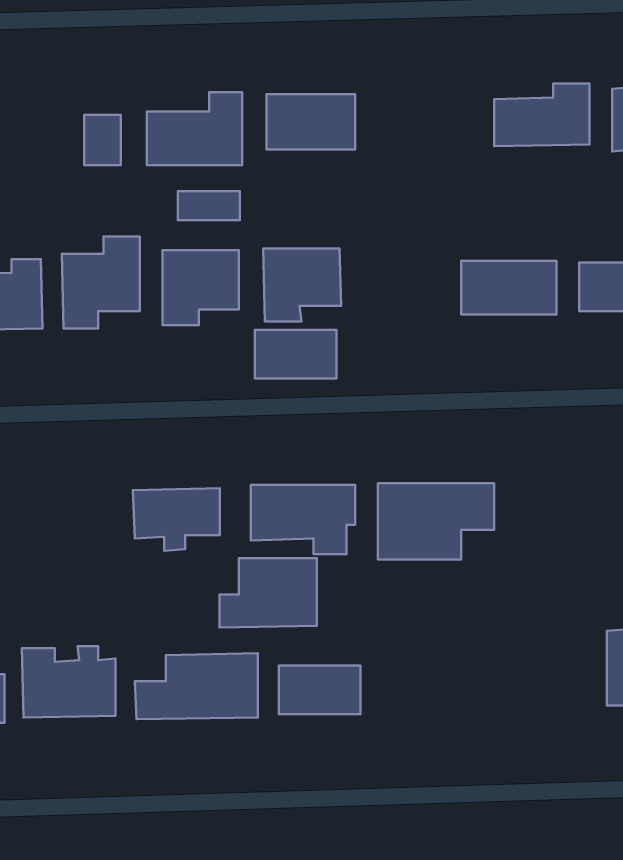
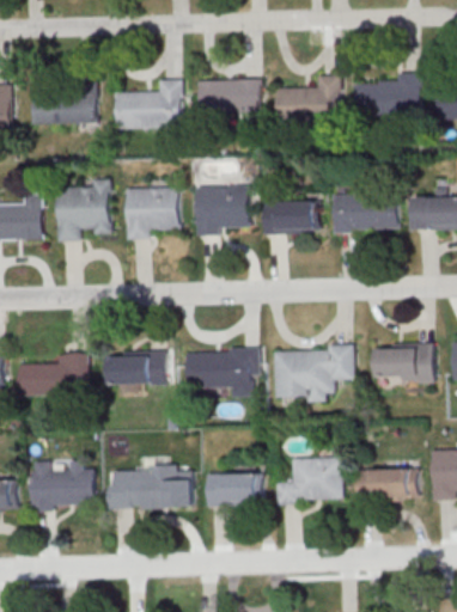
building: none -> [275,75,340,122]
building: none -> [30,90,61,129]
building: [178,191,240,220] -> none
building: [255,330,336,379] -> [262,200,318,233]
building: none -> [372,342,433,381]
building: none -> [19,353,90,396]
building: [220,558,317,628] -> [275,455,342,503]
building: none -> [357,469,416,500]

